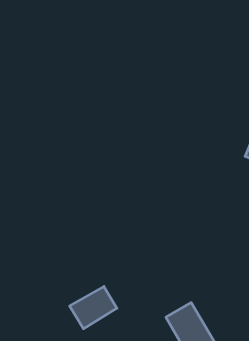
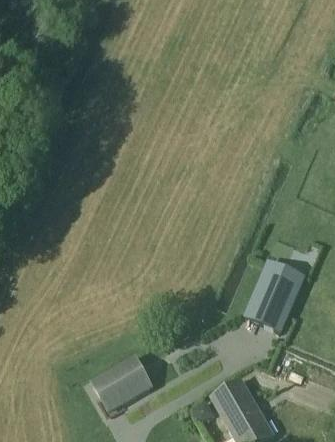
building: none -> [248,261,302,329]

